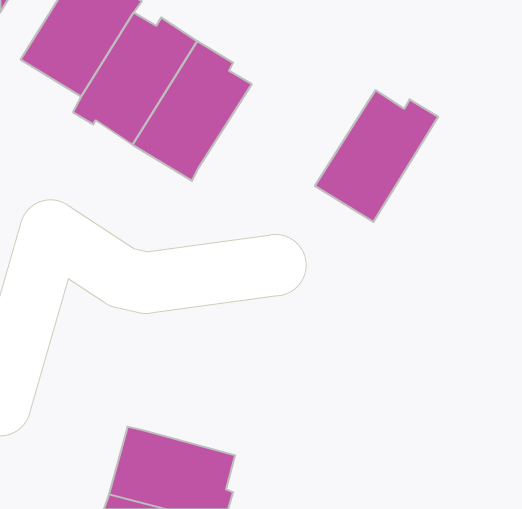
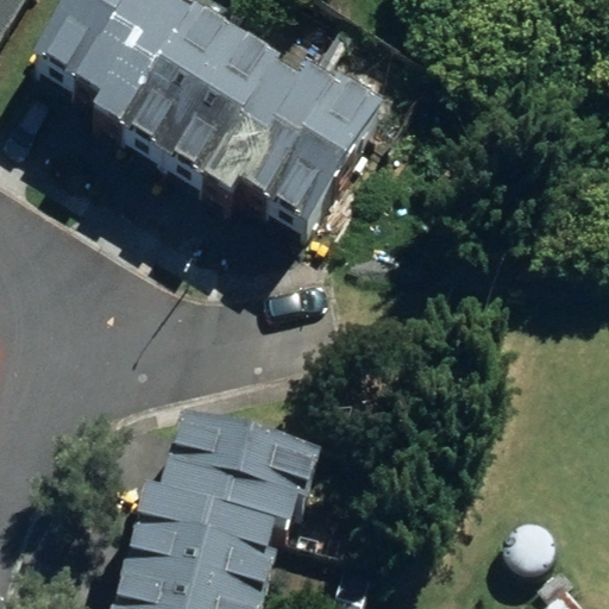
building: [315,90,438,222] -> [233,84,376,237]
building: none -> [167,420,321,530]

